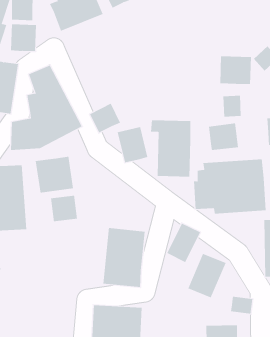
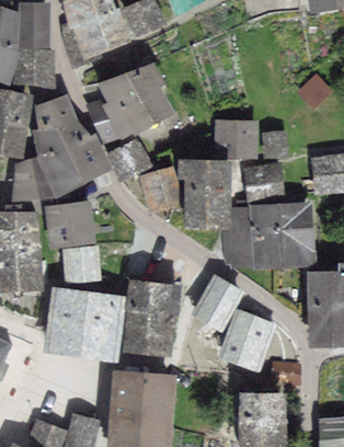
building: none -> [89,60,168,141]
building: [219,56,252,85] -> [217,123,254,156]
building: none -> [49,289,122,356]

